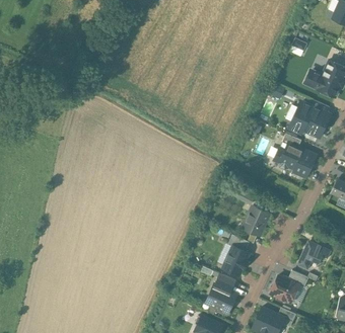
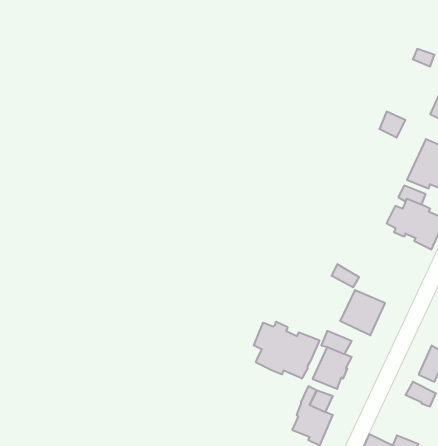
building: none -> [254,322,319,379]
building: [269,276,297,304] -> none

